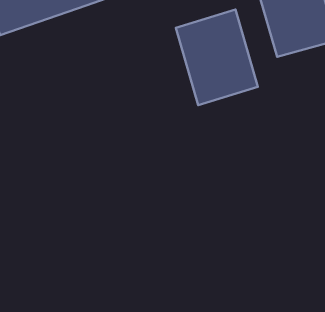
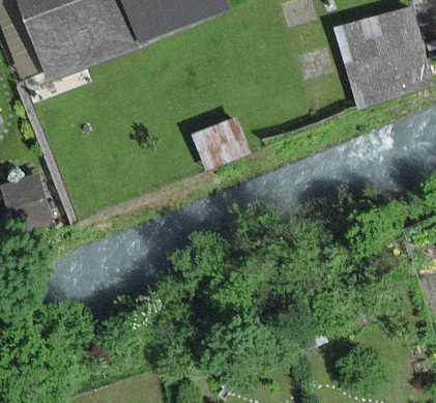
building: [176,10,258,105] -> none

